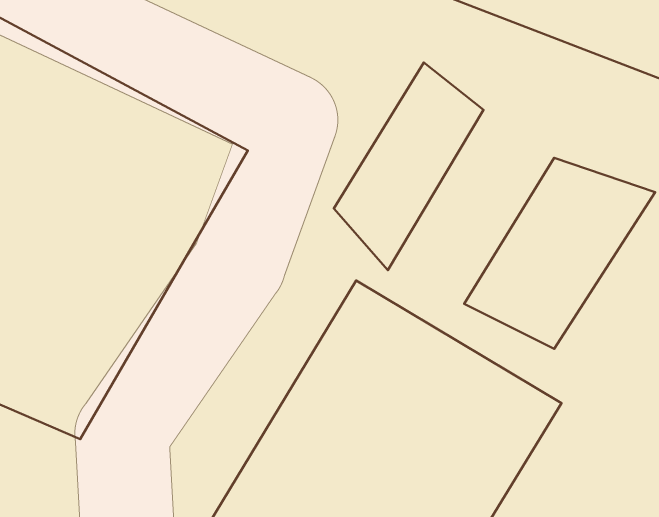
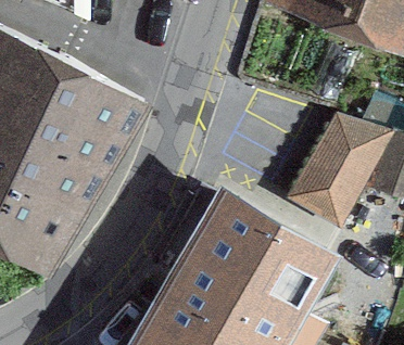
building: [334,62,484,270] -> none

